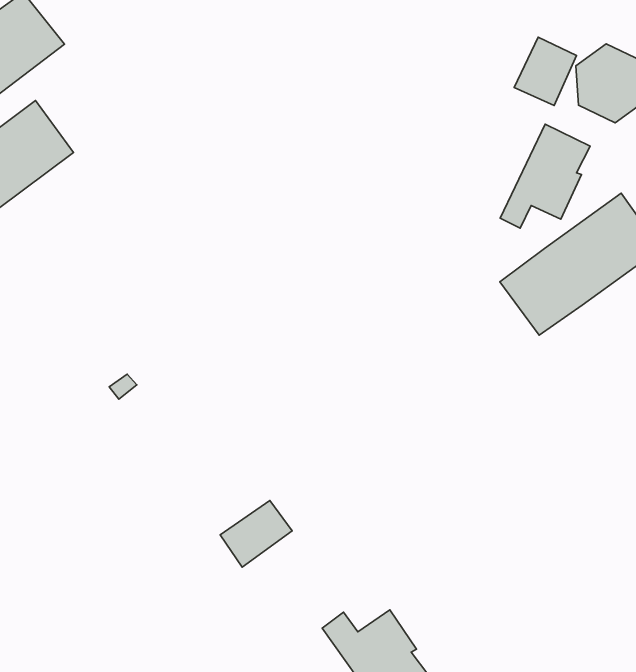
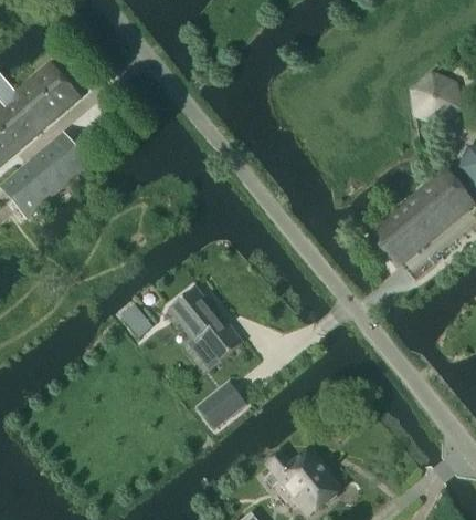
building: [514,37,576,106] -> none
building: [500,124,590,228] -> none
building: none -> [169,287,243,371]

